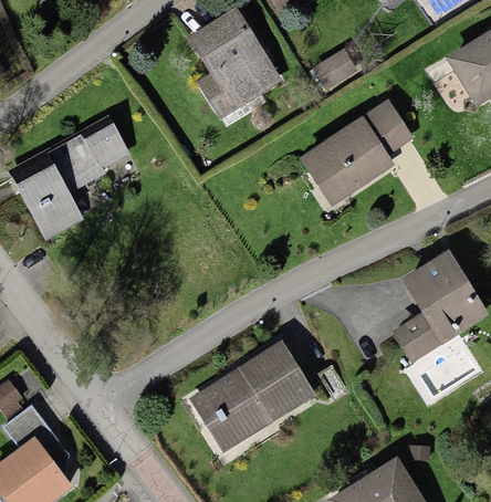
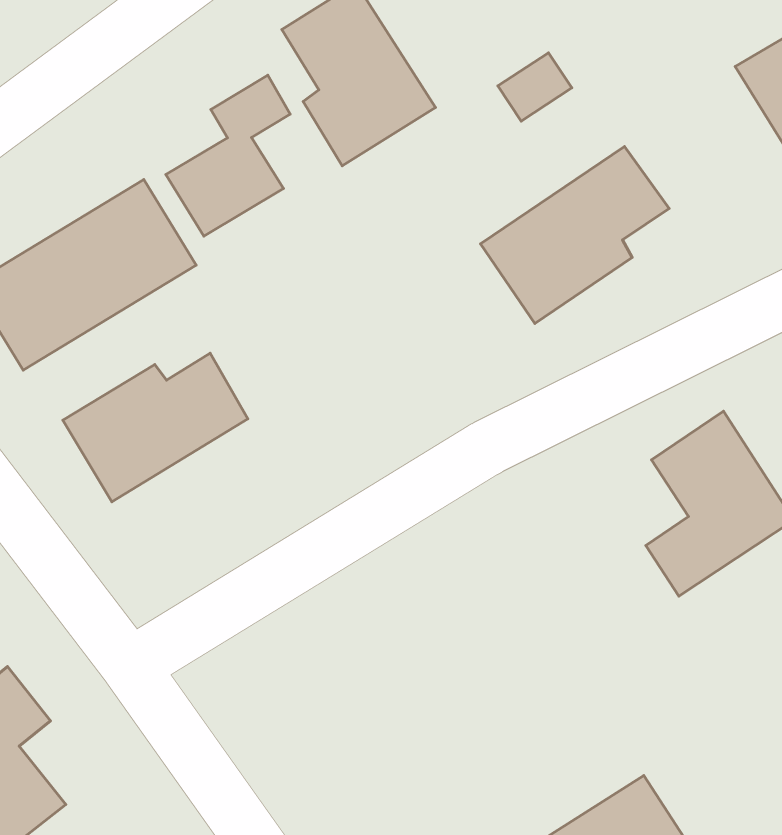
building: none -> [166,75,290,236]
building: none -> [63,353,248,502]
building: [195,345,309,446] -> none

